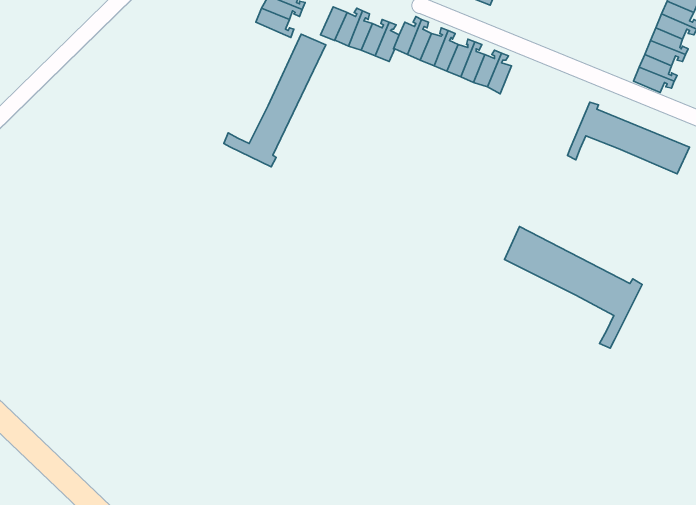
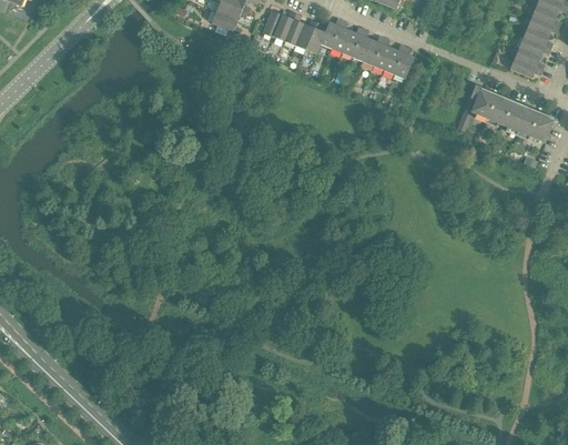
building: [224,34,326,167] -> none
building: [504,226,642,348] -> none

